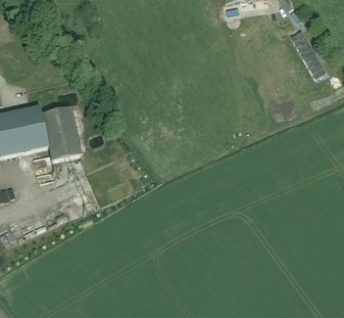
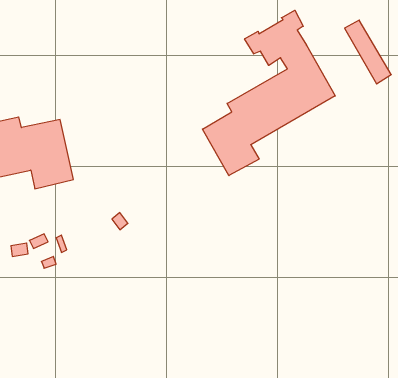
building: none -> [202,10,335,176]

